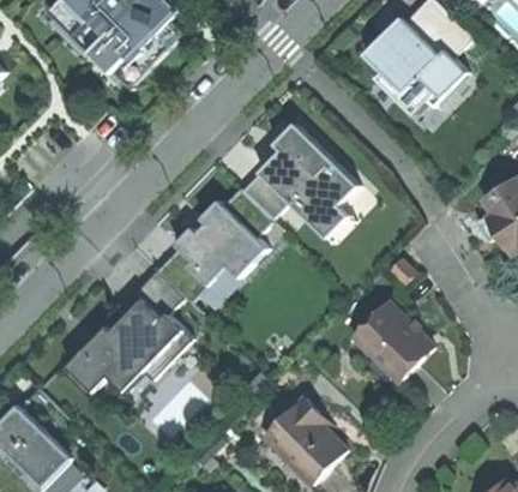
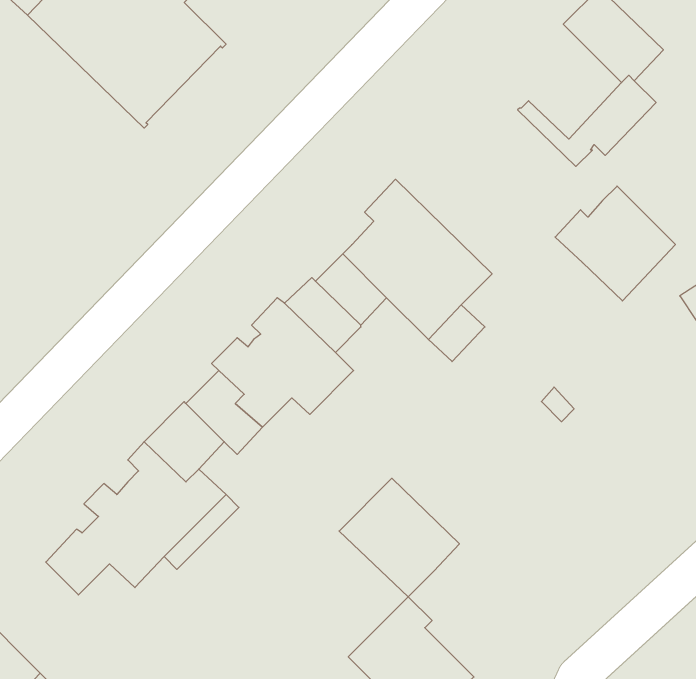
building: [363,19,442,95] -> [555,186,675,301]
building: [353,301,432,379] -> [339,478,459,597]

